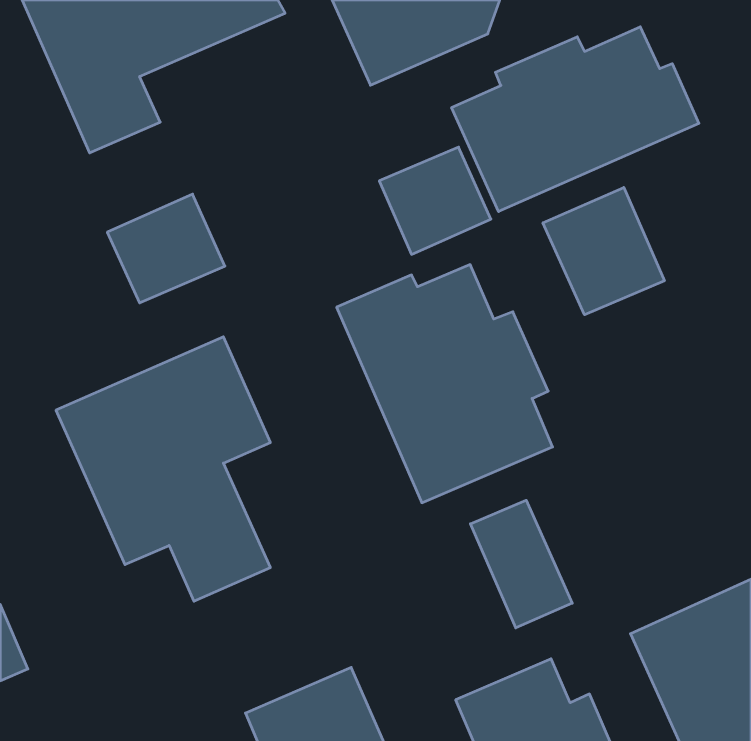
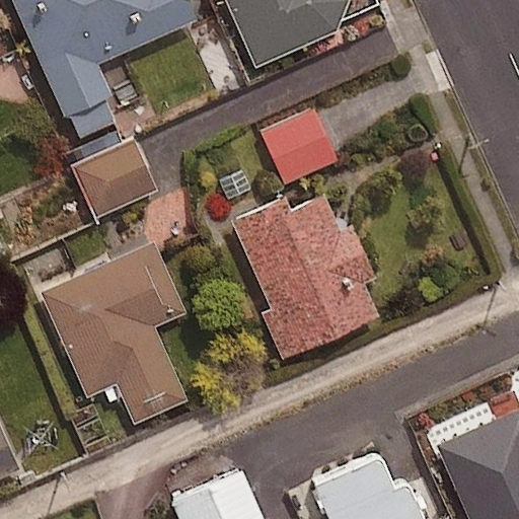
building: [452,27,699,212] -> none
building: [543,187,664,315] -> none
building: [470,500,572,628] -> none

